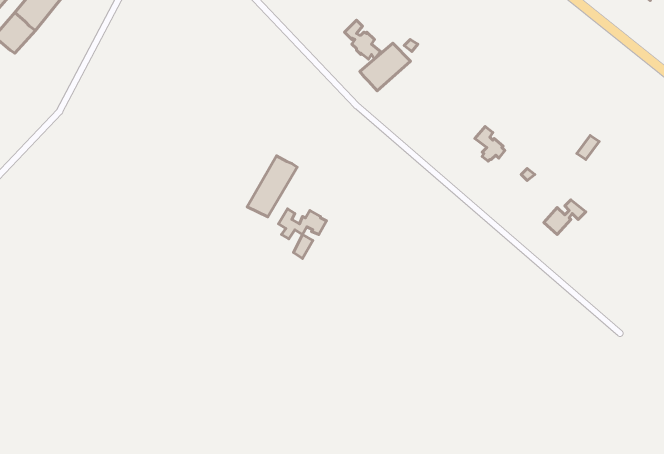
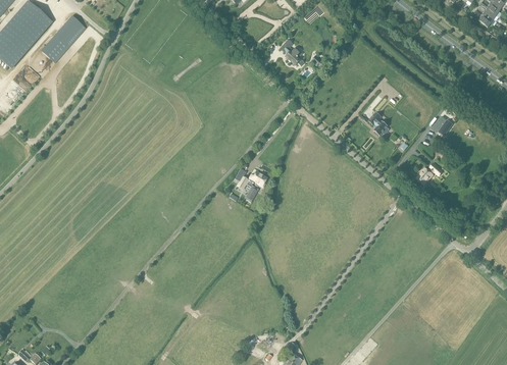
building: [360,43,411,91] -> none
building: [247,156,297,217] -> none

